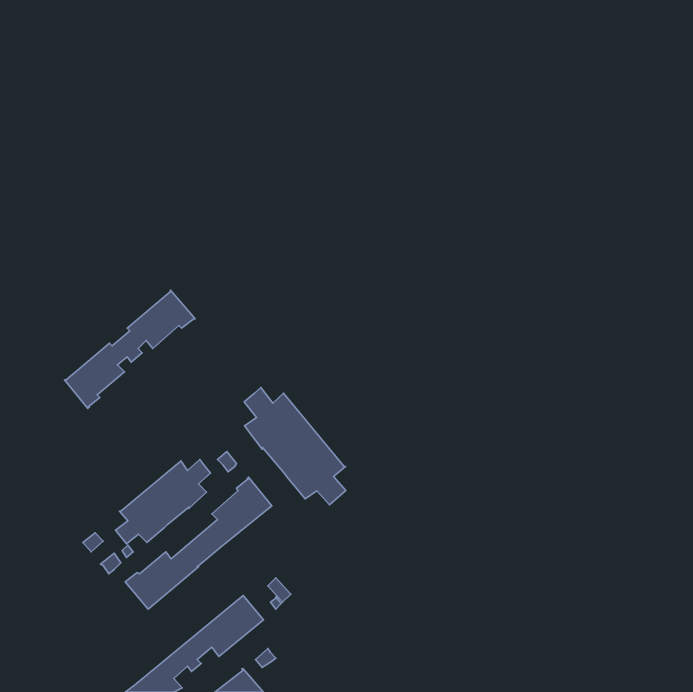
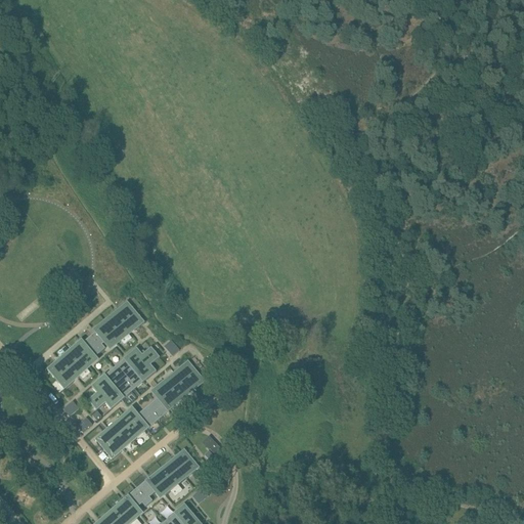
building: [65,290,195,408] -> [46,300,144,389]
building: [244,388,346,505] -> none

